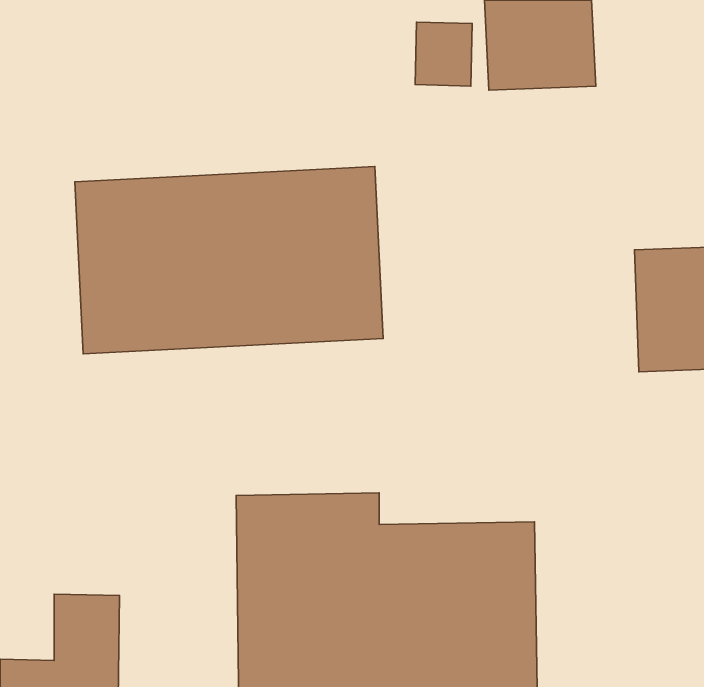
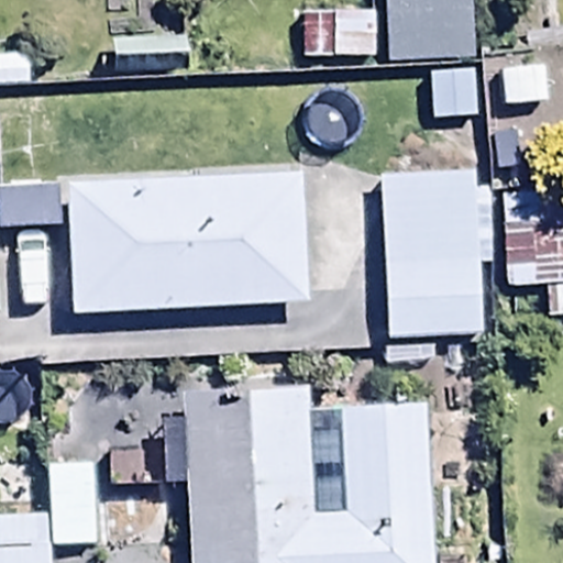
building: none -> [382,156,484,321]

